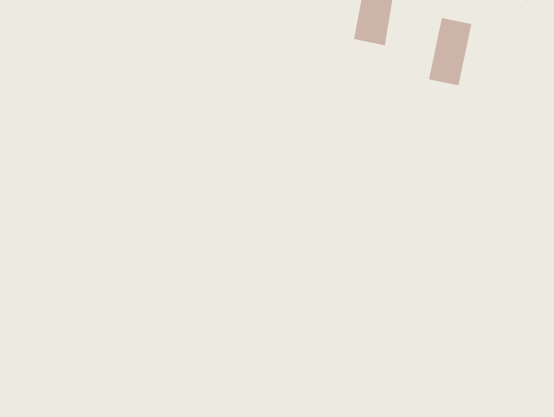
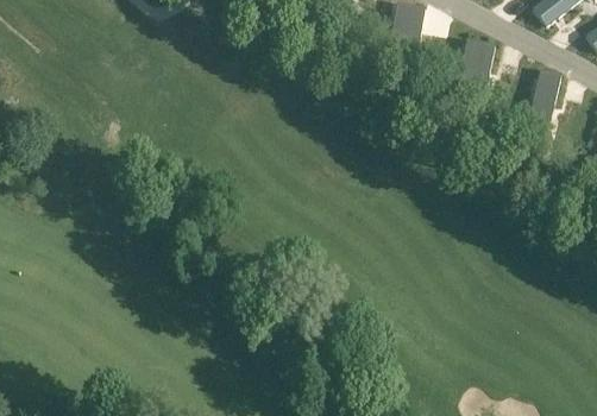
building: none -> [526,70,561,135]

